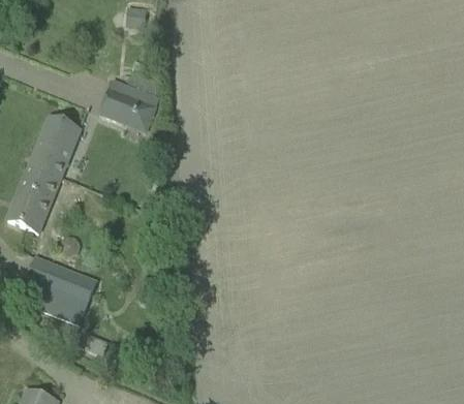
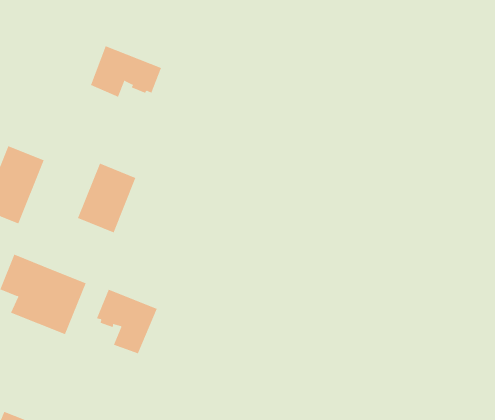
building: [30,118,80,177] -> [77,163,136,233]
building: none -> [96,289,157,354]

